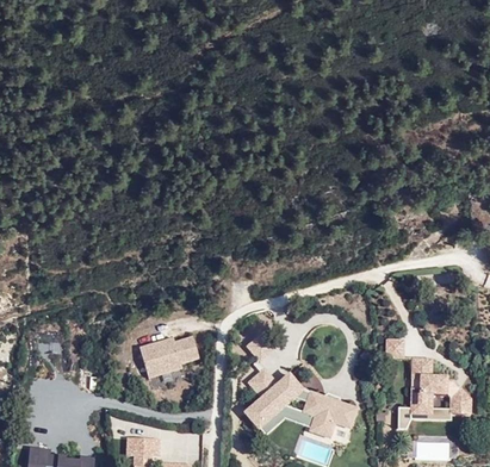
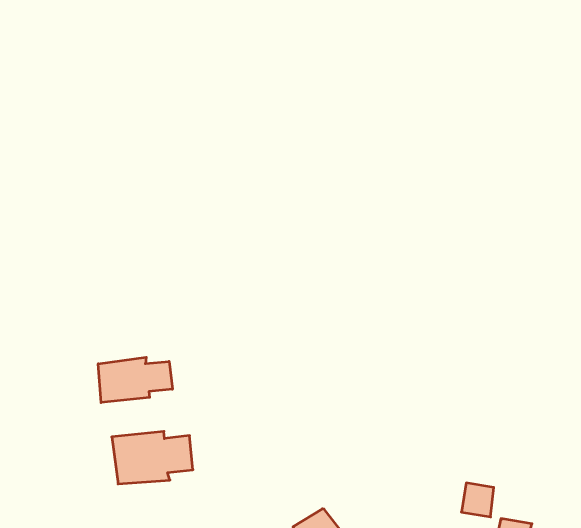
building: none -> [98,357,172,403]

